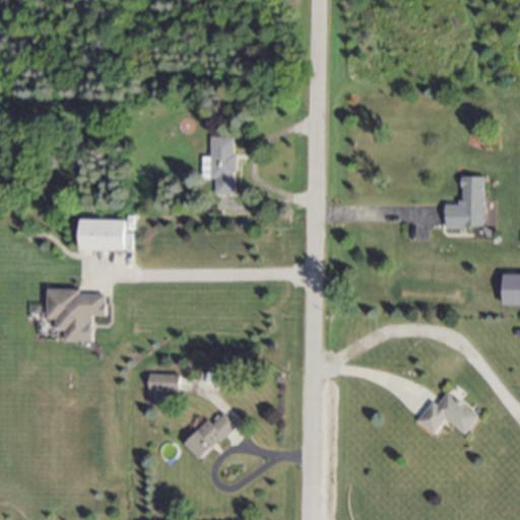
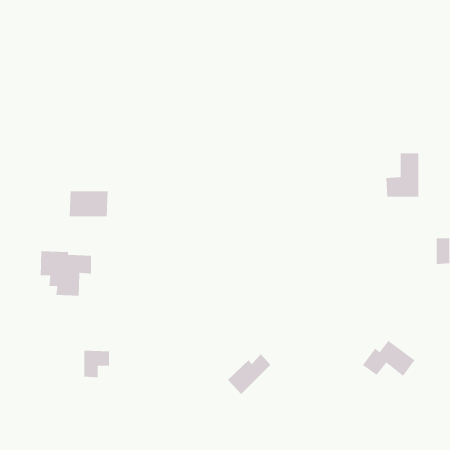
building: [201,135,235,193] -> none
building: [147,373,178,405] -> [84,350,110,378]
building: [183,412,234,460] -> [227,353,271,395]

